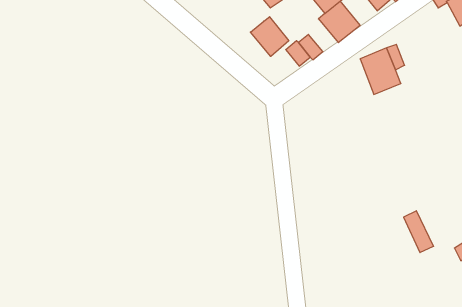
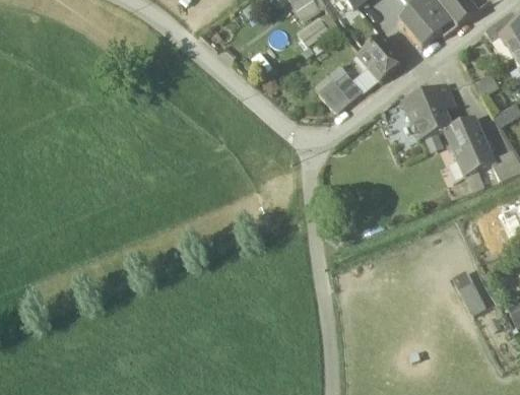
building: [250,17,289,56] -> none
building: none -> [446,116,494,174]

